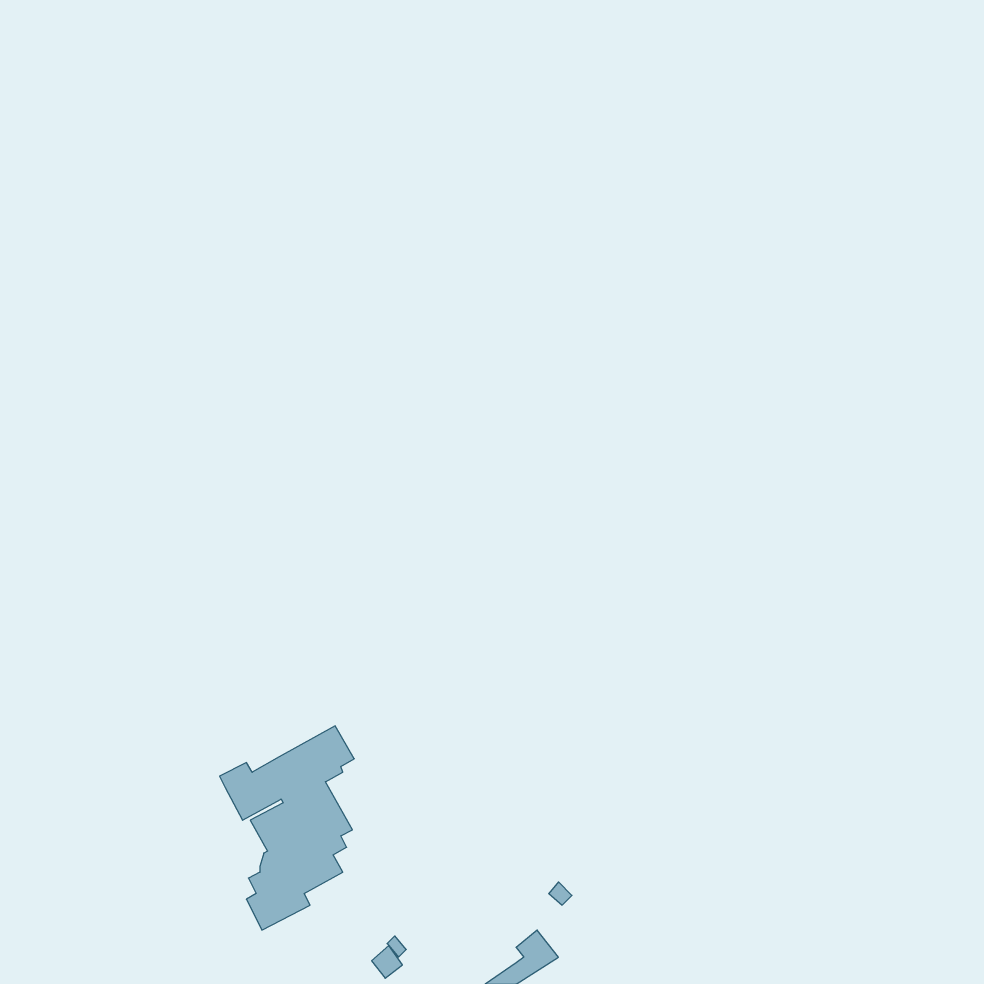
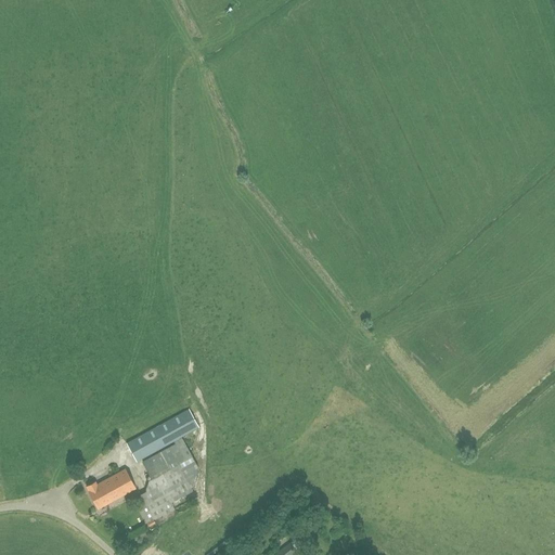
building: none -> [86,469,135,507]

